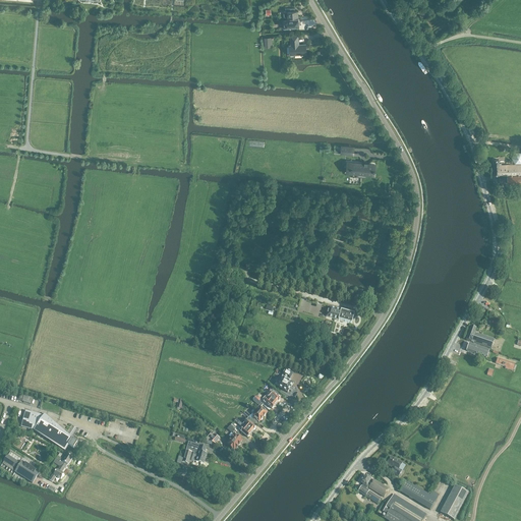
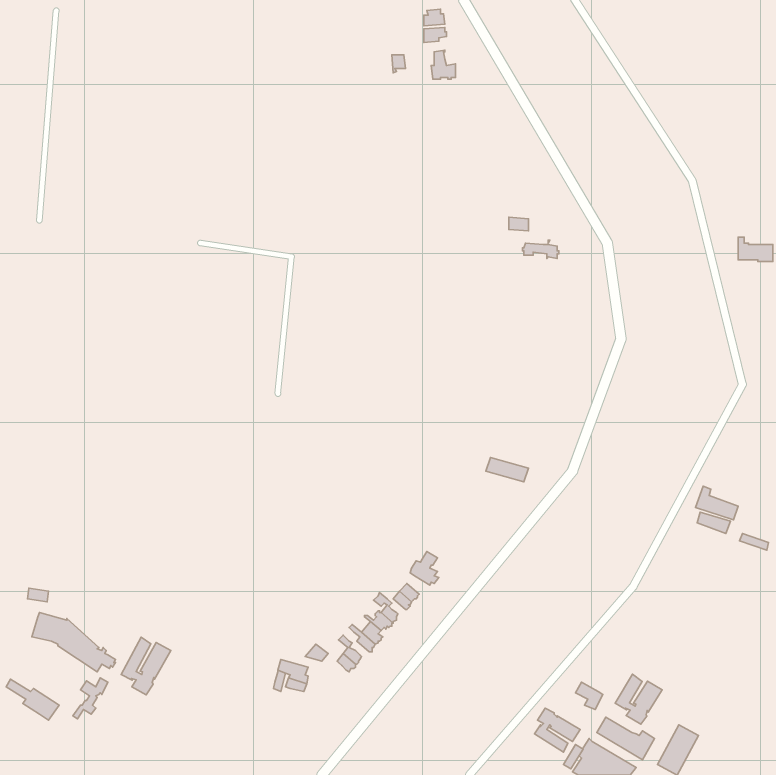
building: none -> [121,637,171,695]
building: none -> [615,674,662,724]

